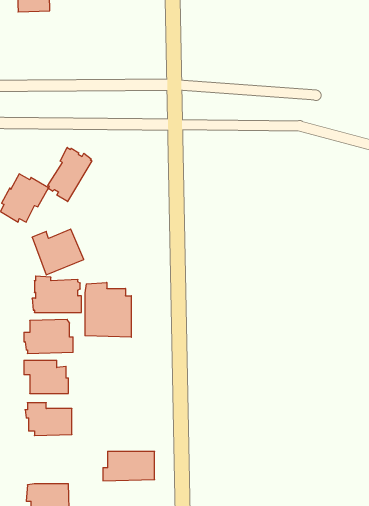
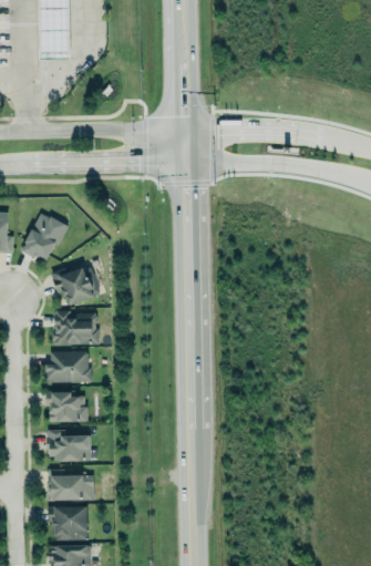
building: [48,147,92,202] -> none
building: [85,282,131,337] -> none
building: [103,451,155,481] -> [47,474,95,502]

